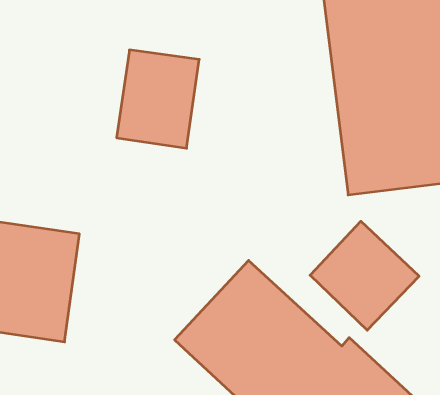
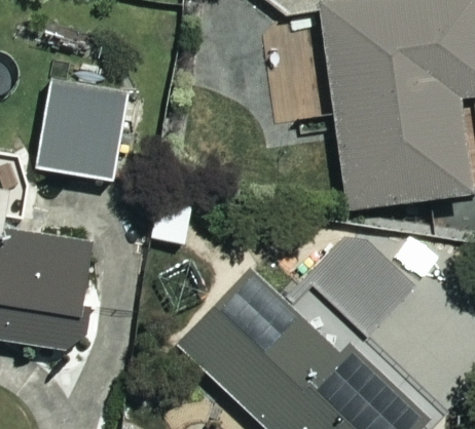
building: [117,50,199,148] -> [38,83,118,179]

